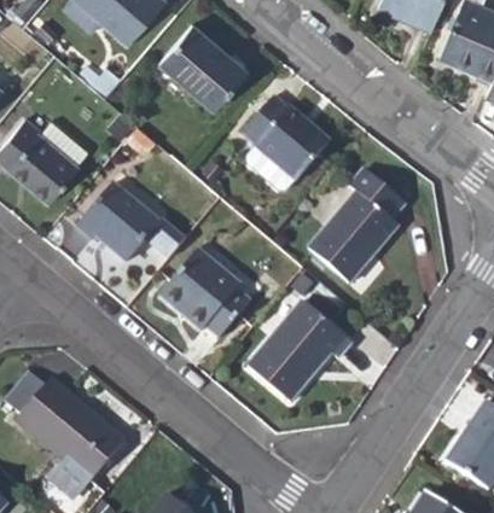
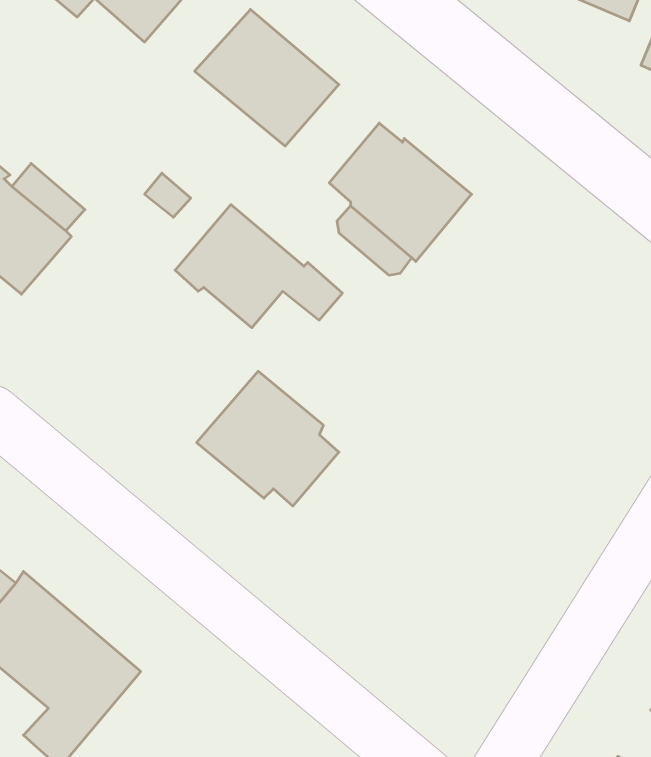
building: [309,169,406,282] -> none
building: [77,186,182,263] -> [175,205,342,328]
building: [249,302,351,400] -> none

